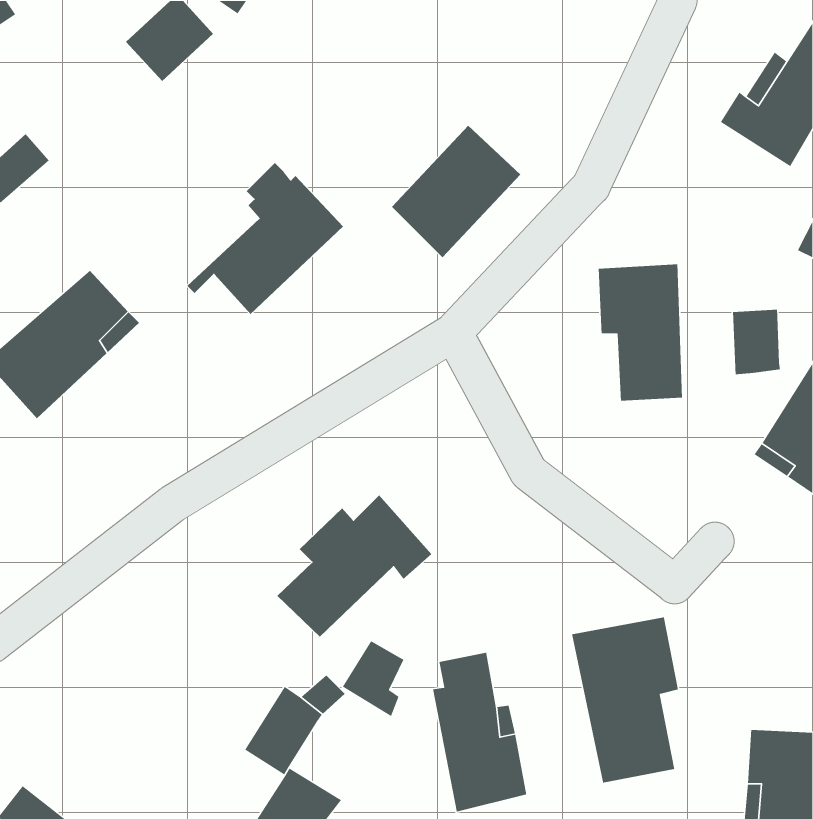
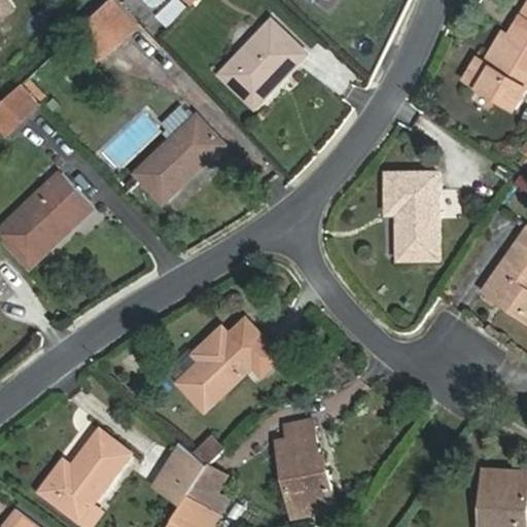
building: [391,125,521,258] -> [219,22,303,107]
building: [732,309,781,375] -> none
building: [571,617,679,783] -> none
building: [342,640,404,717] -> [185,463,225,513]
building: none -> [40,430,129,520]

